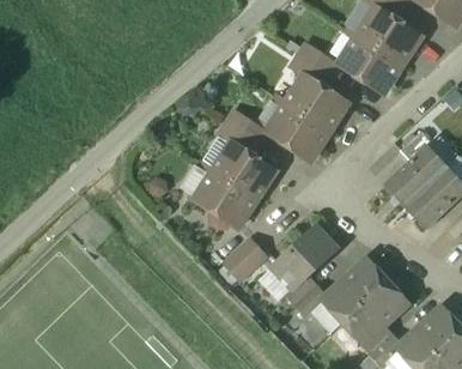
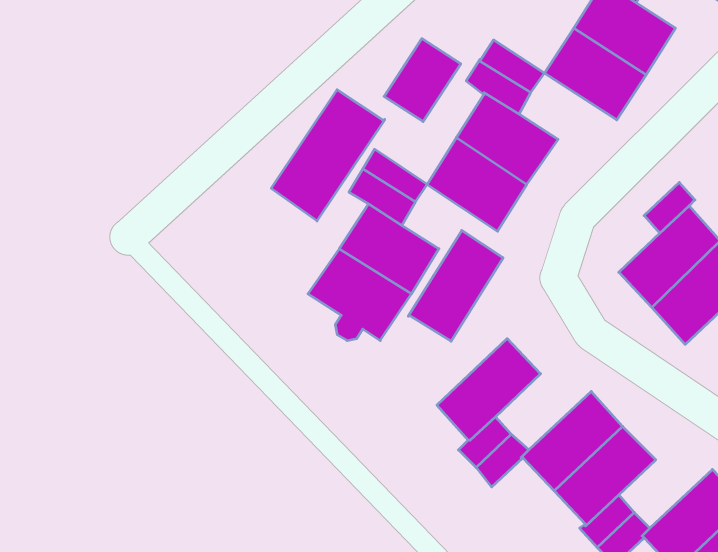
building: none -> [384,39,461,122]
building: none -> [271,90,385,221]
building: none -> [408,230,503,341]
building: [225,241,265,279] -> none

